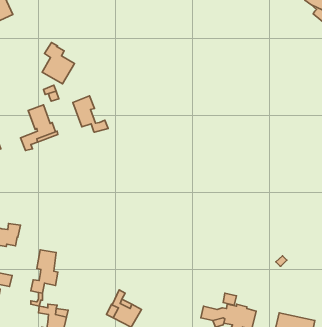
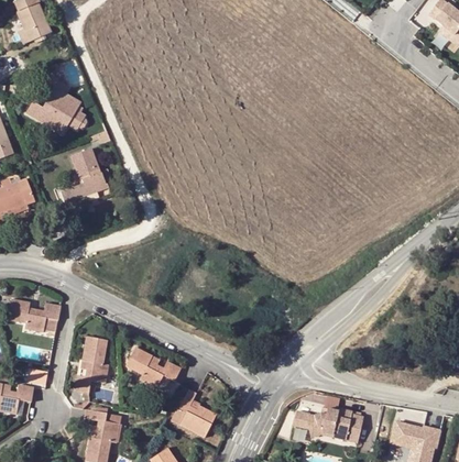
building: [42,42,74,84] -> [39,75,80,129]
building: [73,96,108,132] -> none
building: none -> [125,346,181,388]

